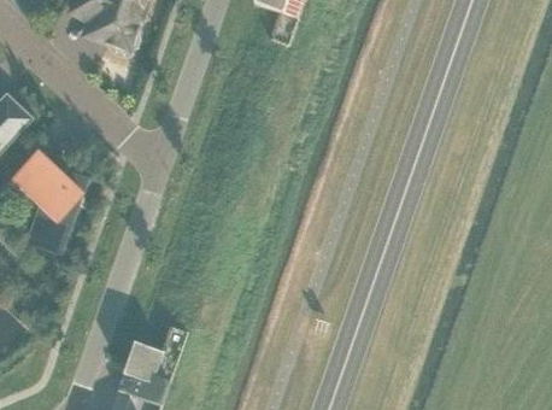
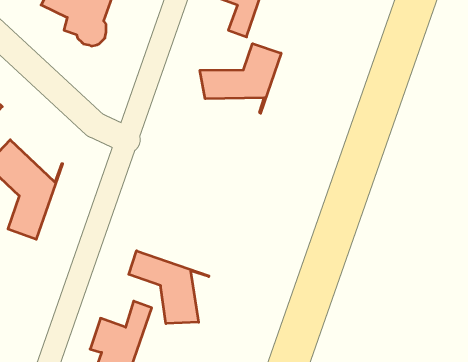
building: none -> [200,44,281,113]
building: none -> [129,251,209,324]

